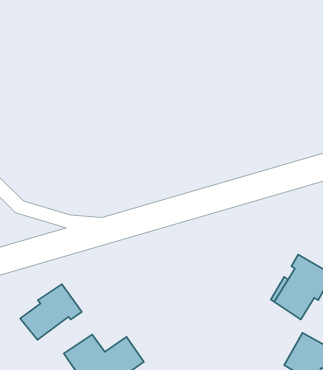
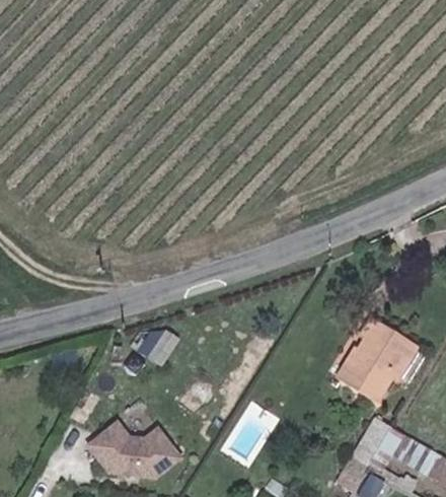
building: none -> [143,329,177,364]
building: [20,284,82,340] -> none

